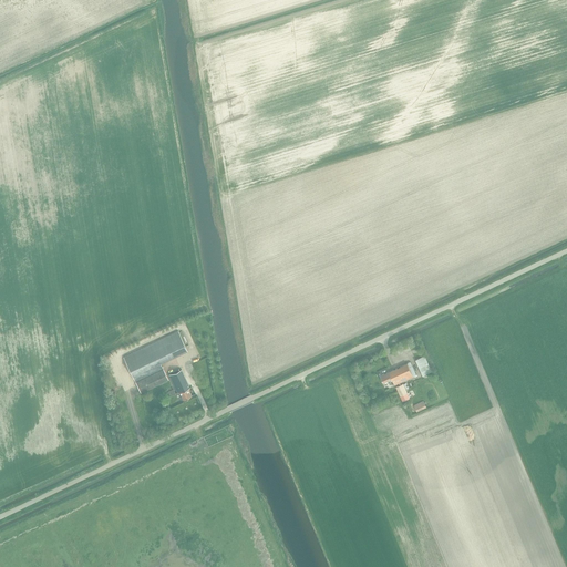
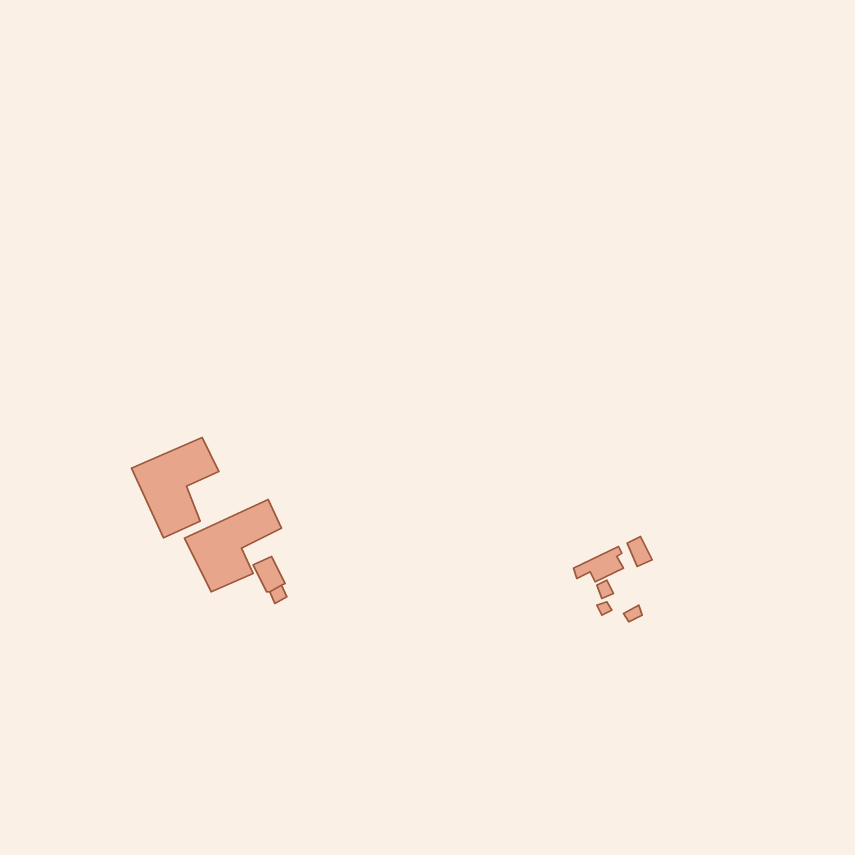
building: none -> [131,437,219,538]

